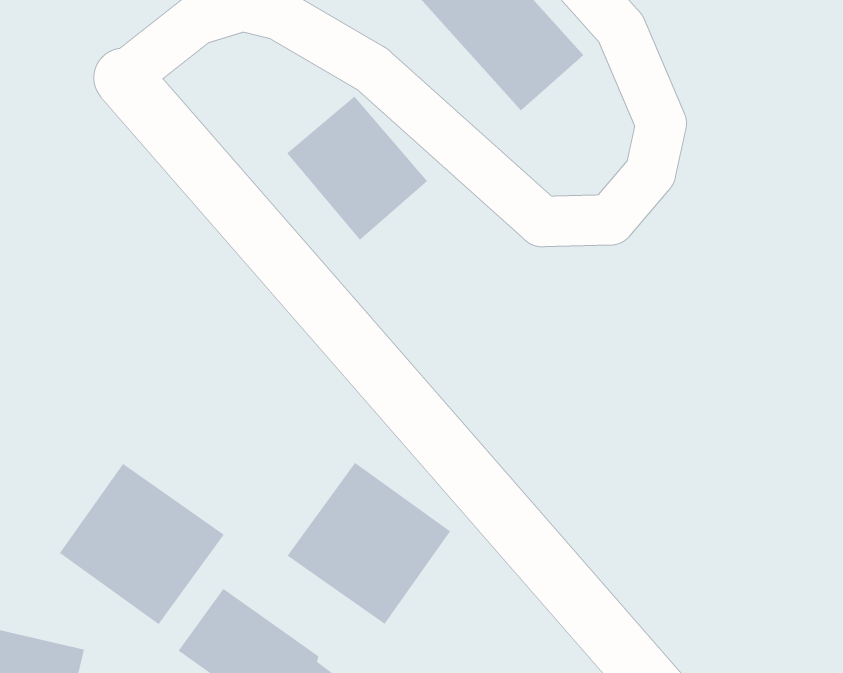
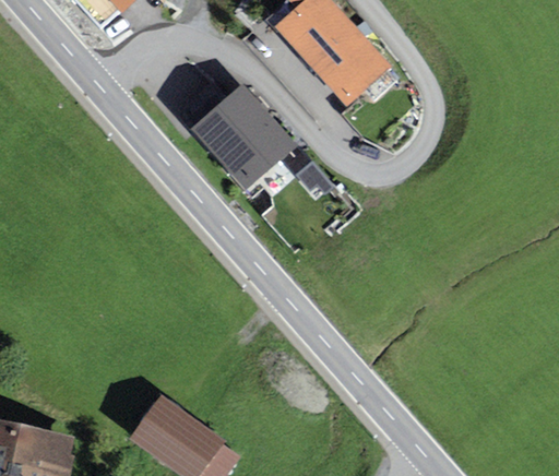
building: [286,462,451,625] -> none
building: [59,463,225,625] -> none

